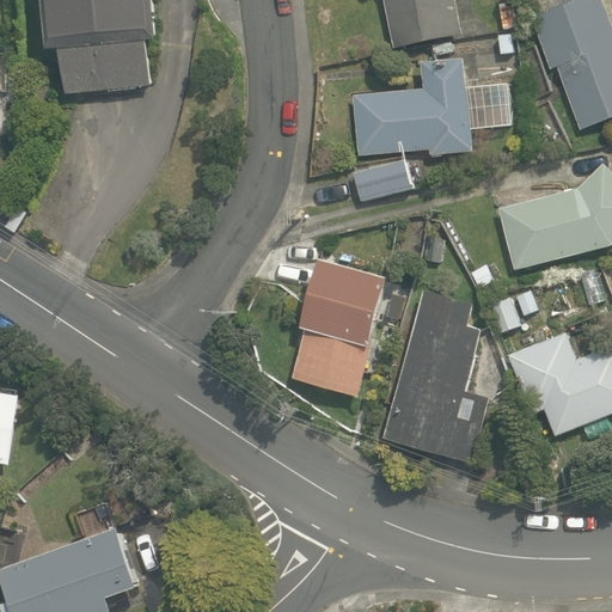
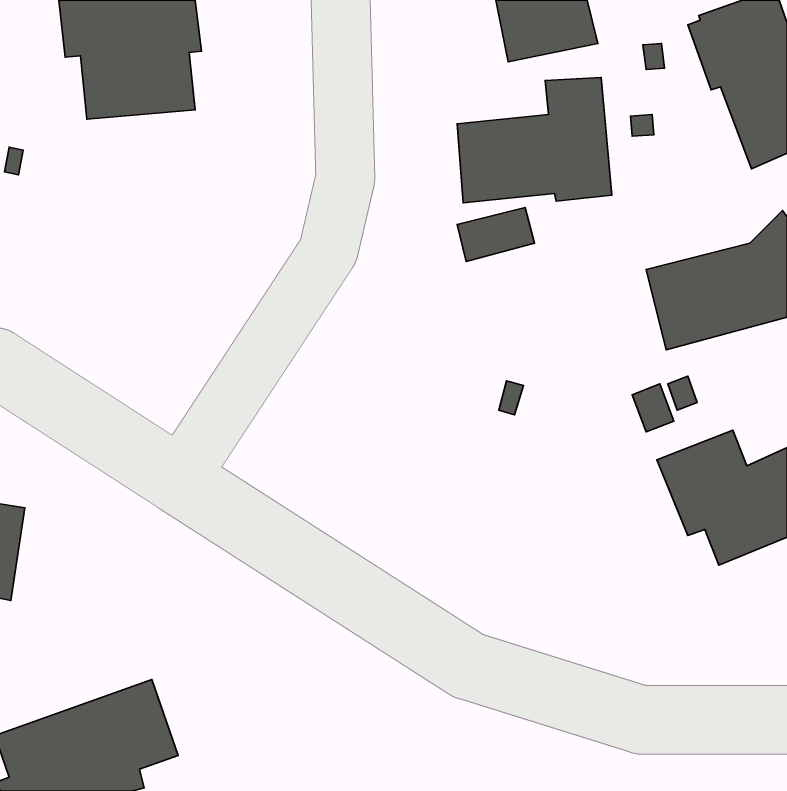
building: [292,258,387,396] -> none
building: [382,290,489,463] -> none

